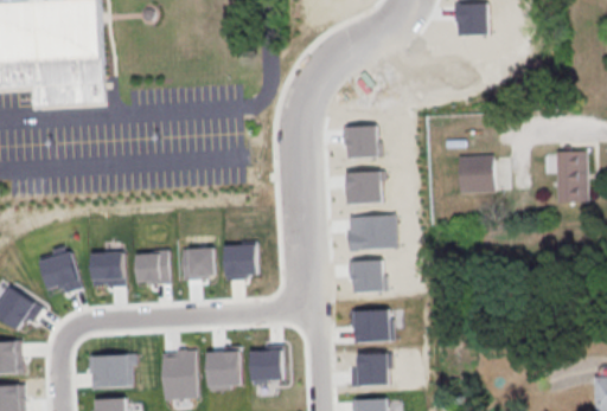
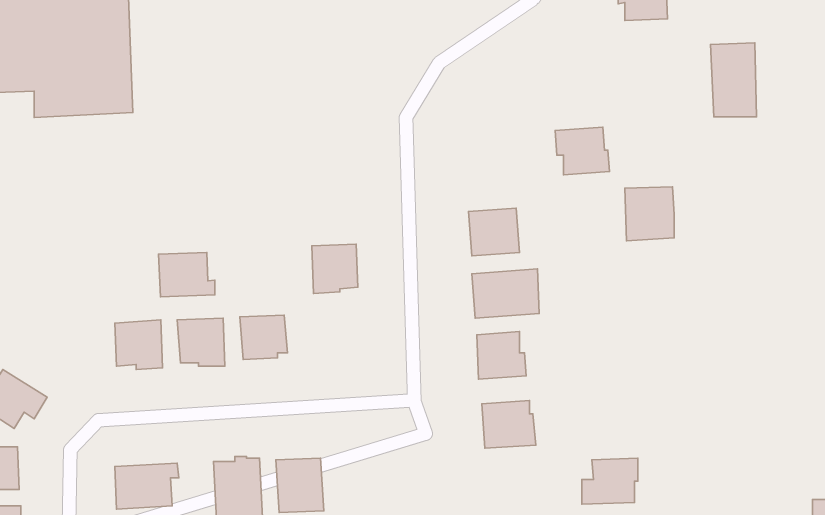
building: [341,124,381,159] -> [555,127,609,175]
building: [554,149,587,203] -> [711,43,757,117]
building: none -> [158,253,215,297]
building: [224,244,257,280] -> [312,244,358,294]
building: [38,245,82,294] -> none
building: [250,345,283,383] -> none
building: [350,353,390,386] -> [582,458,638,504]

